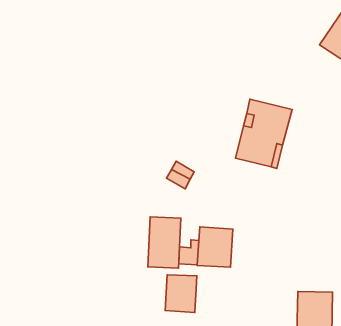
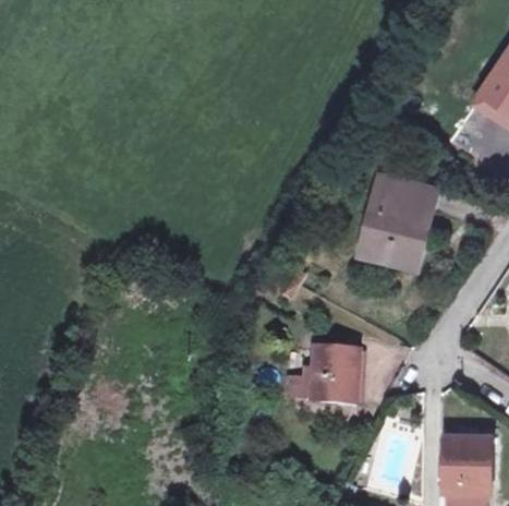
building: [148,217,181,268] -> none
building: [165,275,197,312] -> none

